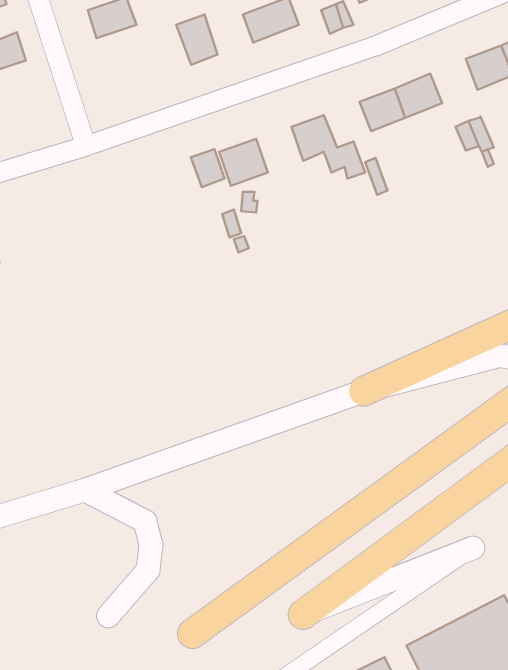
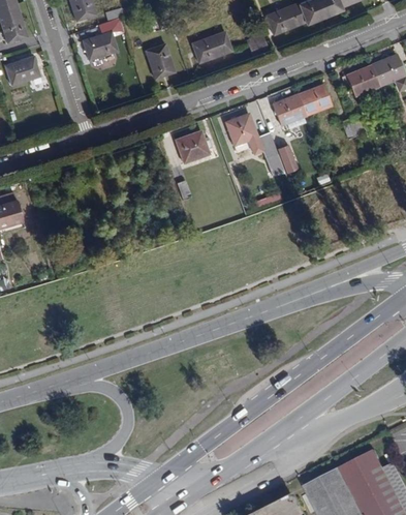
building: [191,149,225,187] -> none

